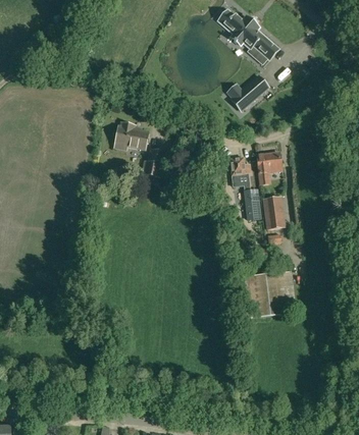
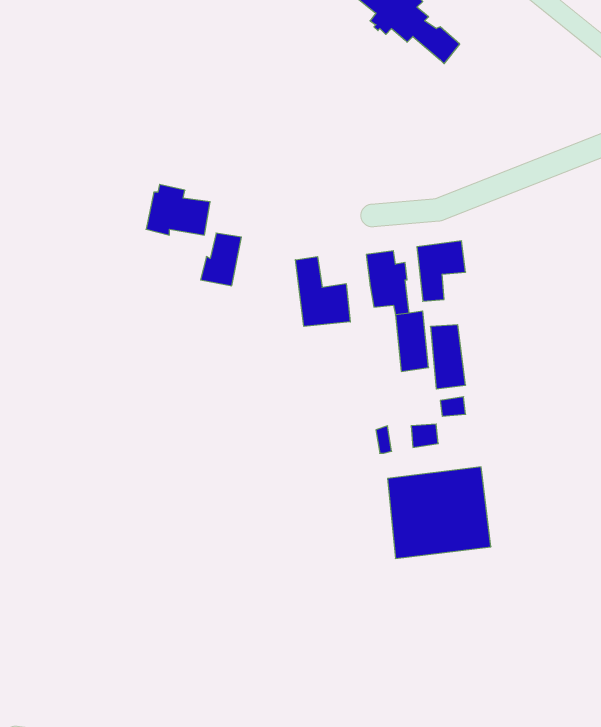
building: [232,75,268,111] -> none
building: none -> [295,257,350,326]

